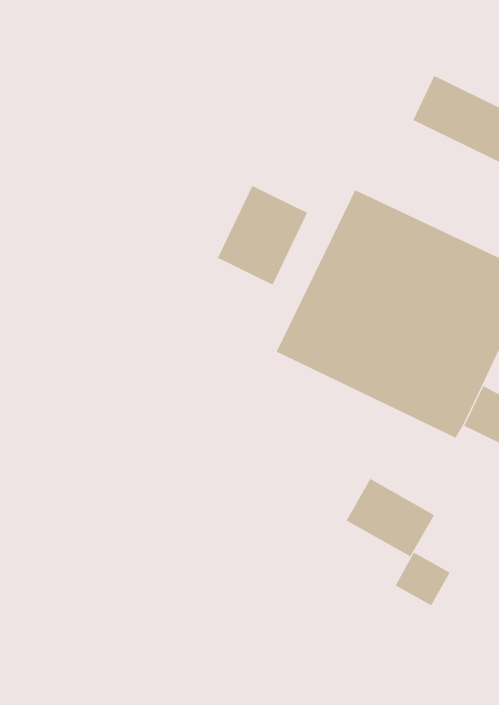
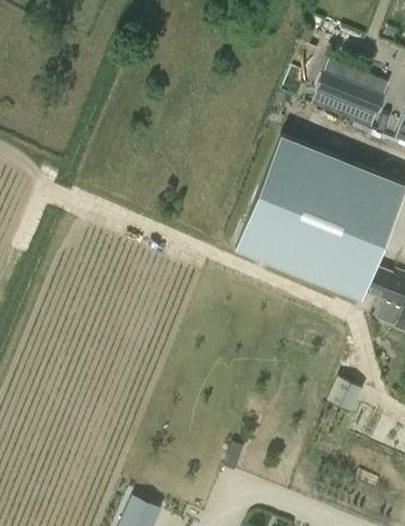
building: [217,185,308,285] -> none
building: [346,478,435,557] -> none

